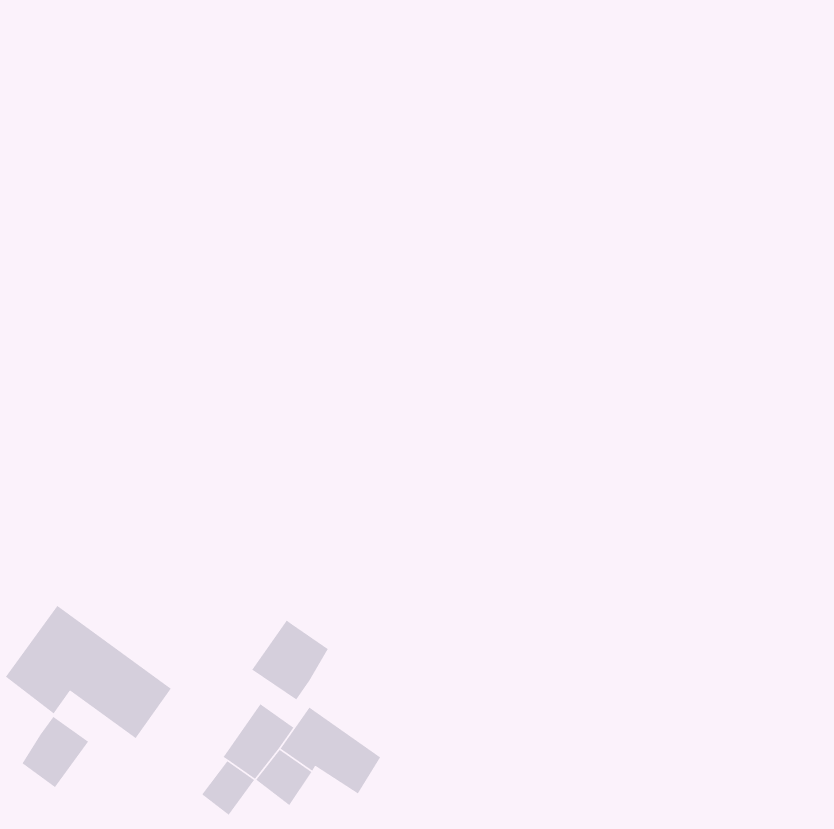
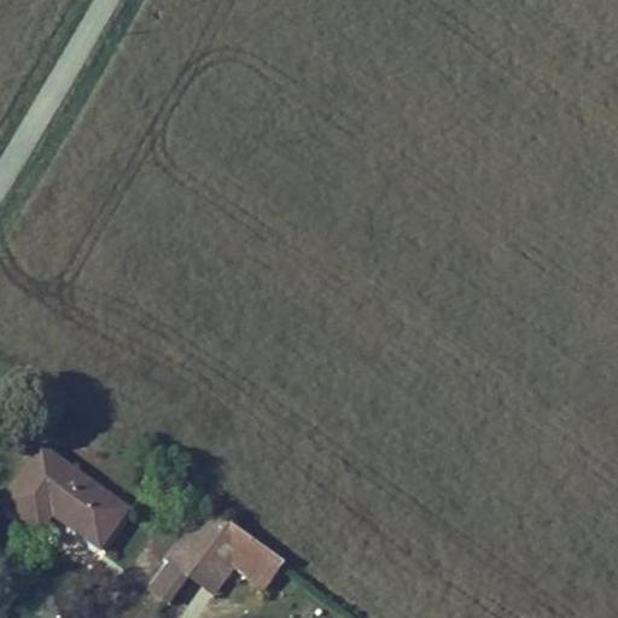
building: [251,619,329,701] -> none
building: [21,716,89,788] -> none

